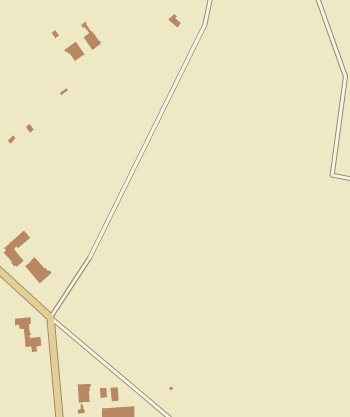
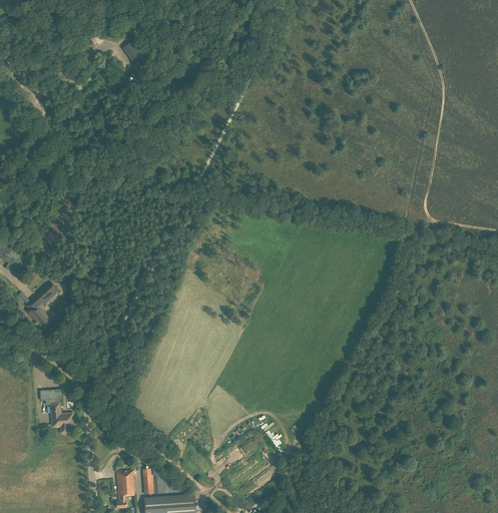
building: [63,41,86,63] -> none
building: [24,256,53,285] -> none

